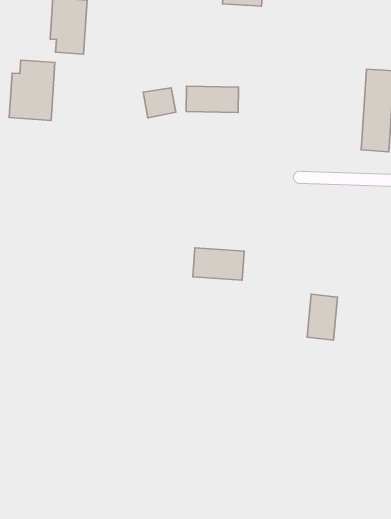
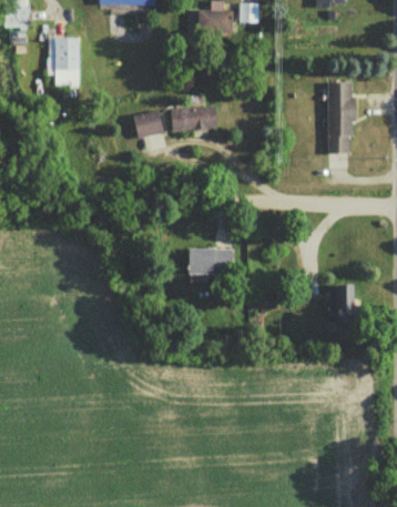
building: [9,60,55,120] -> none
building: [307,294,338,340] -> [332,284,356,323]

